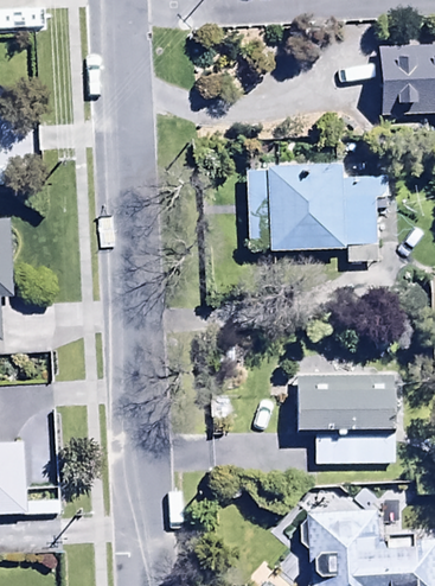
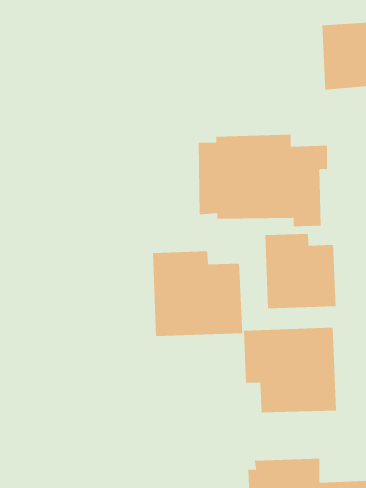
building: none -> [265,233,336,309]
building: none -> [153,251,243,337]

